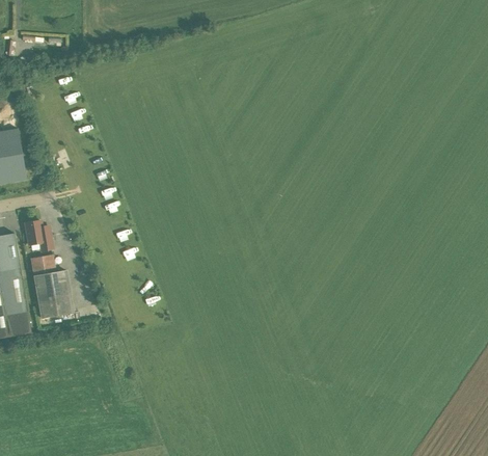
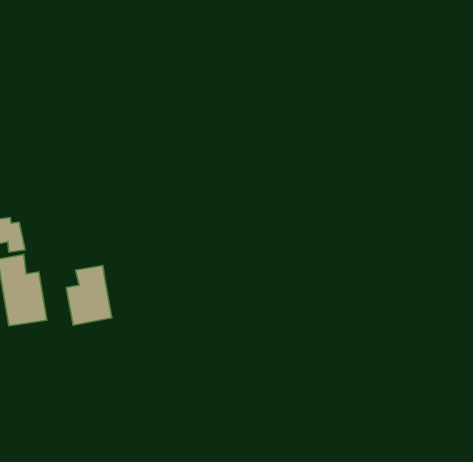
building: none -> [66,266,112,325]

